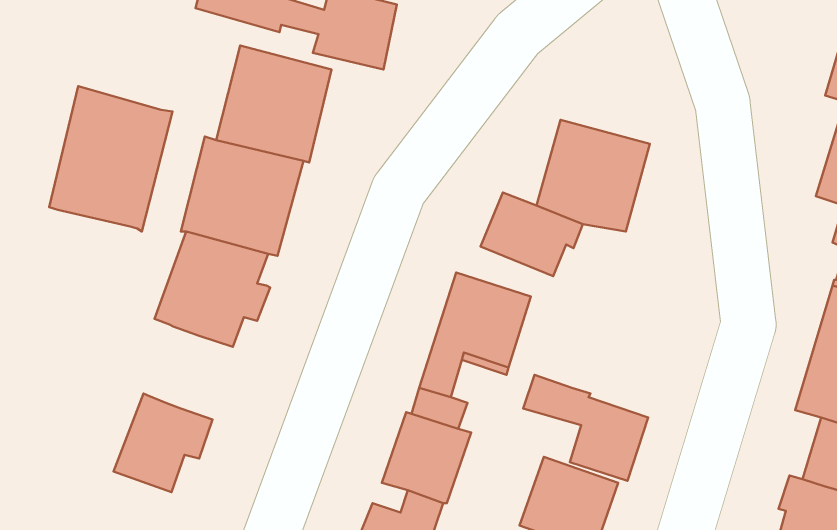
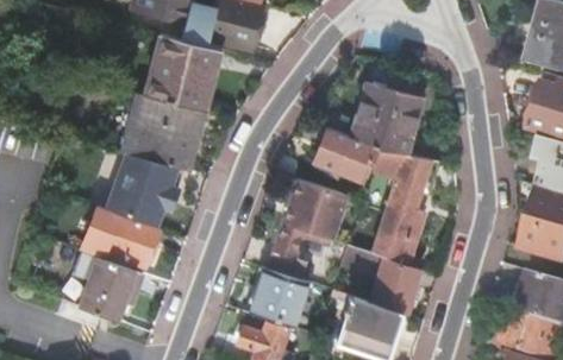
building: [49,86,172,231] -> none
building: none -> [371,147,437,264]
building: none -> [80,204,158,265]

